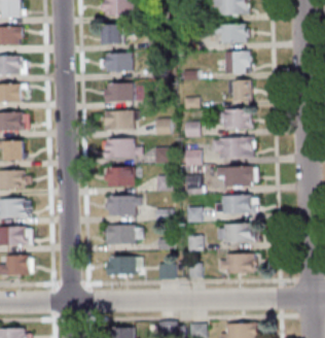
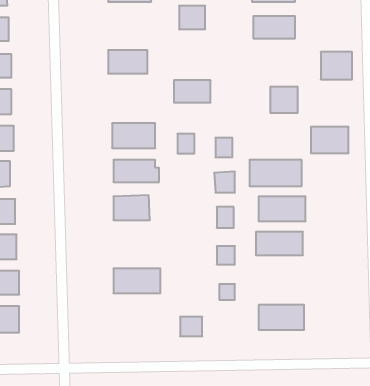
building: [101,25,121,43] -> [179,6,205,29]
building: [224,53,249,74] -> [321,52,352,79]
building: [104,83,133,101] -> [174,80,211,103]
building: [221,109,251,130] -> [311,127,349,153]
building: [107,196,140,215] -> none
building: [217,224,255,243] -> none
building: [105,256,141,276] -> none

